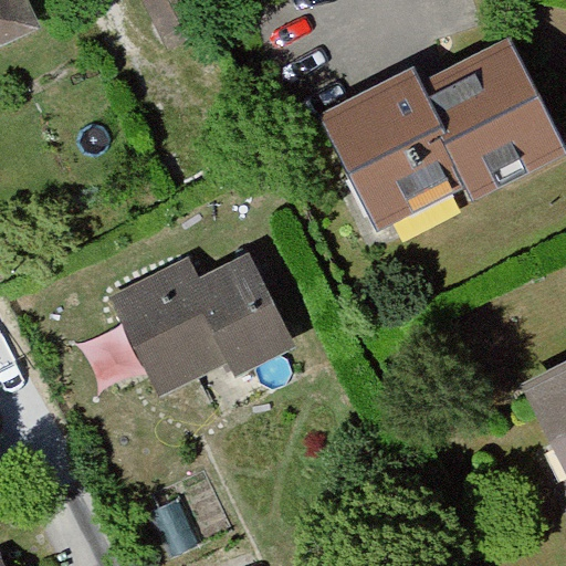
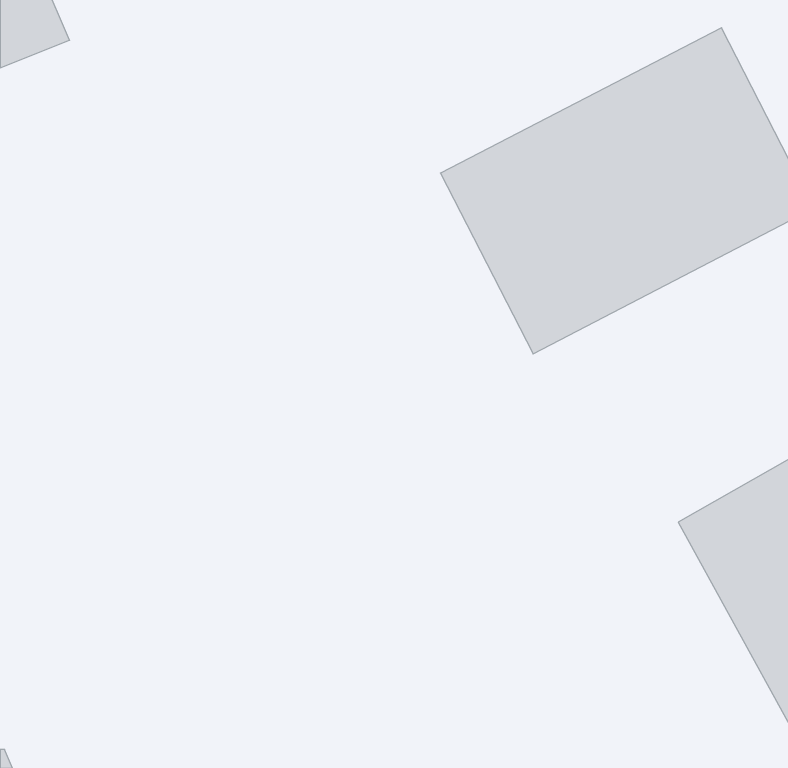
building: [94,220,312,397] -> none

